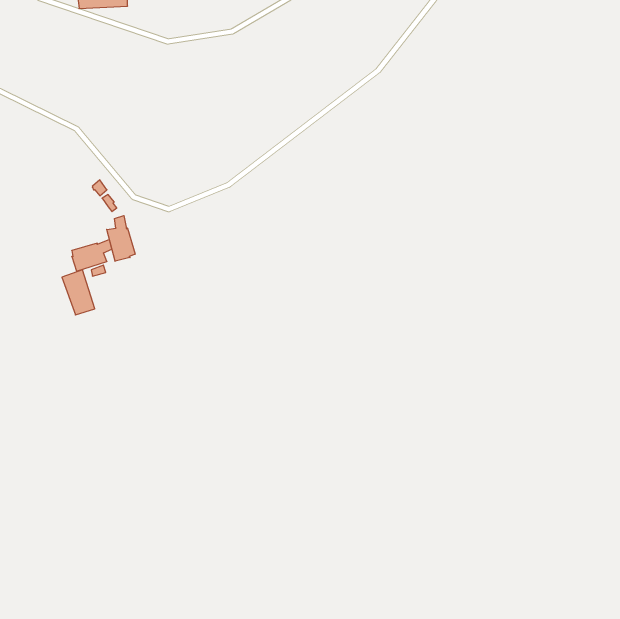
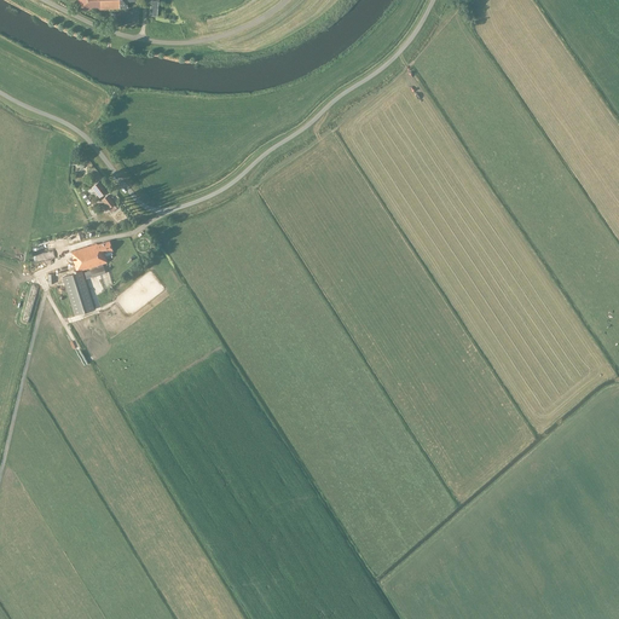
building: [107,216,135,261] -> none

